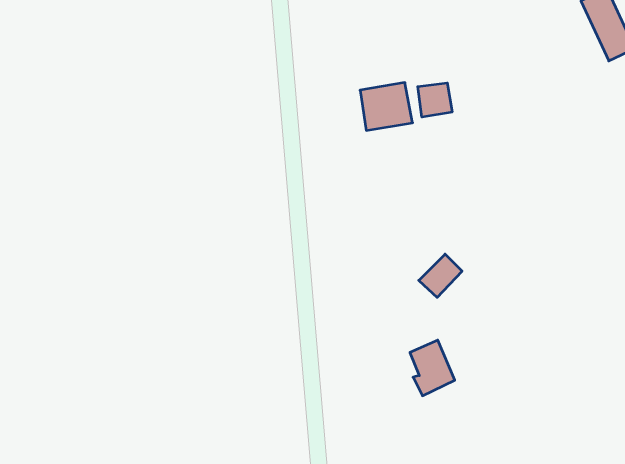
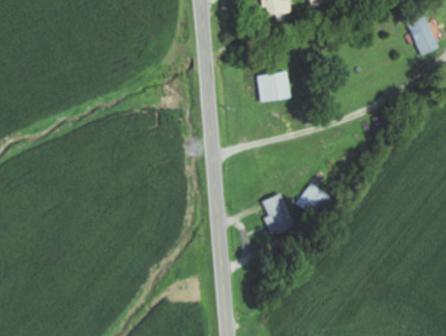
building: [418,83,452,117] -> none
building: [410,340,455,396] -> [262,192,292,230]

